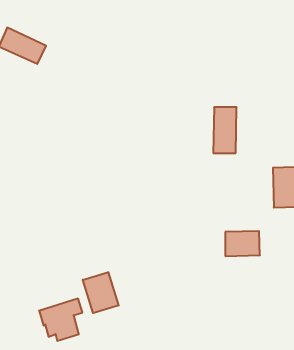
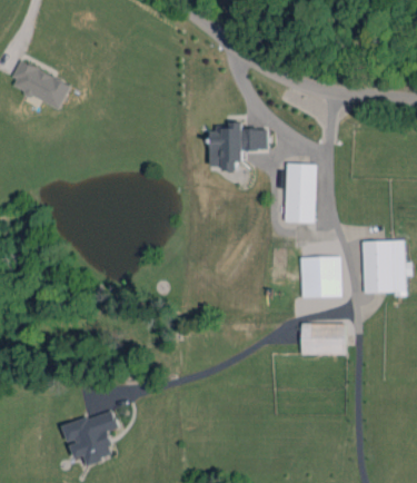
building: none -> [209,125,268,170]
building: none -> [300,256,342,297]
building: [83,272,119,313] -> none

